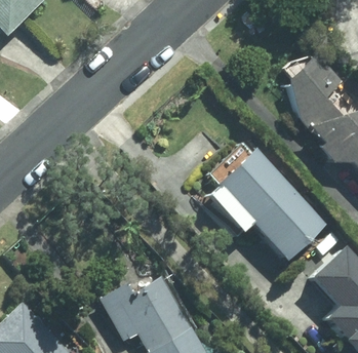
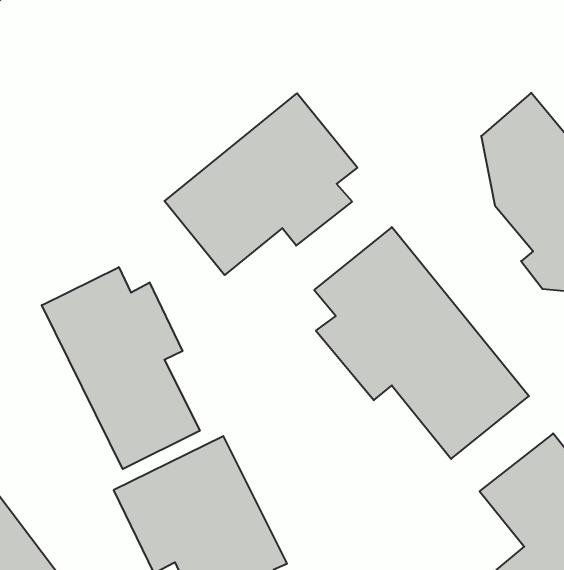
building: none -> [164,93,357,275]
building: none -> [42,267,200,469]

